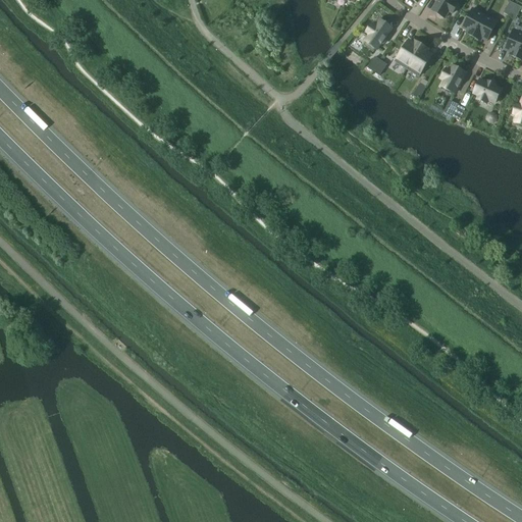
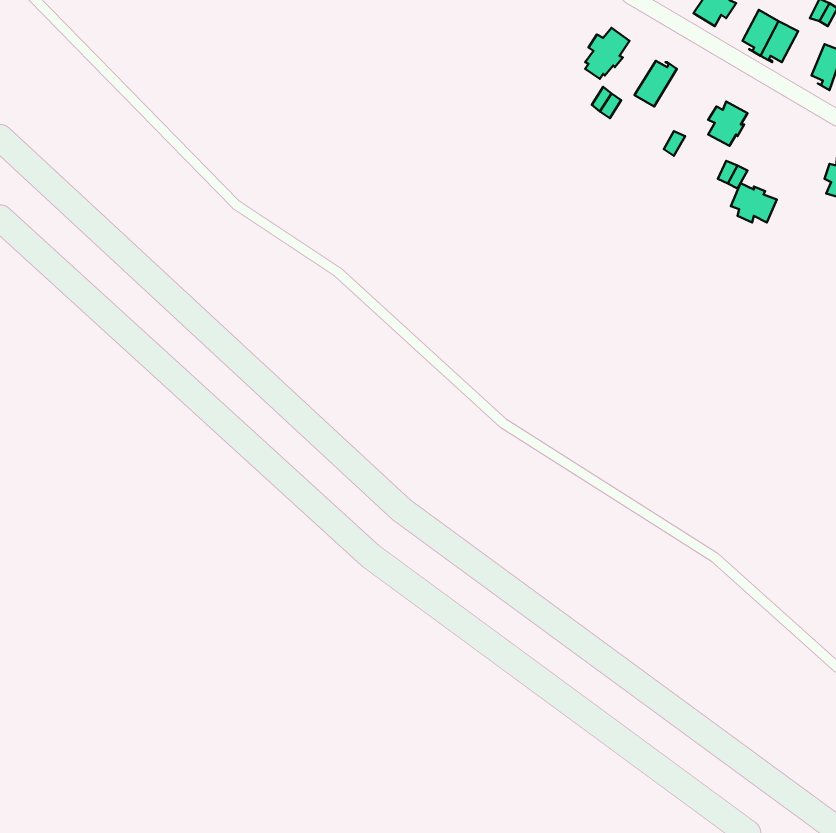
building: [408,43,433,74] -> none
building: [474,76,503,101] -> [731,183,777,222]

